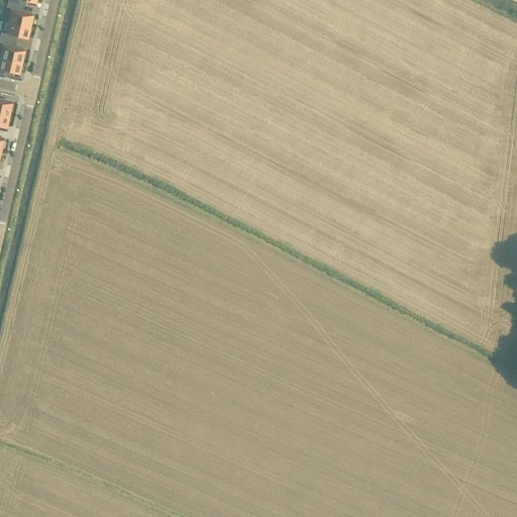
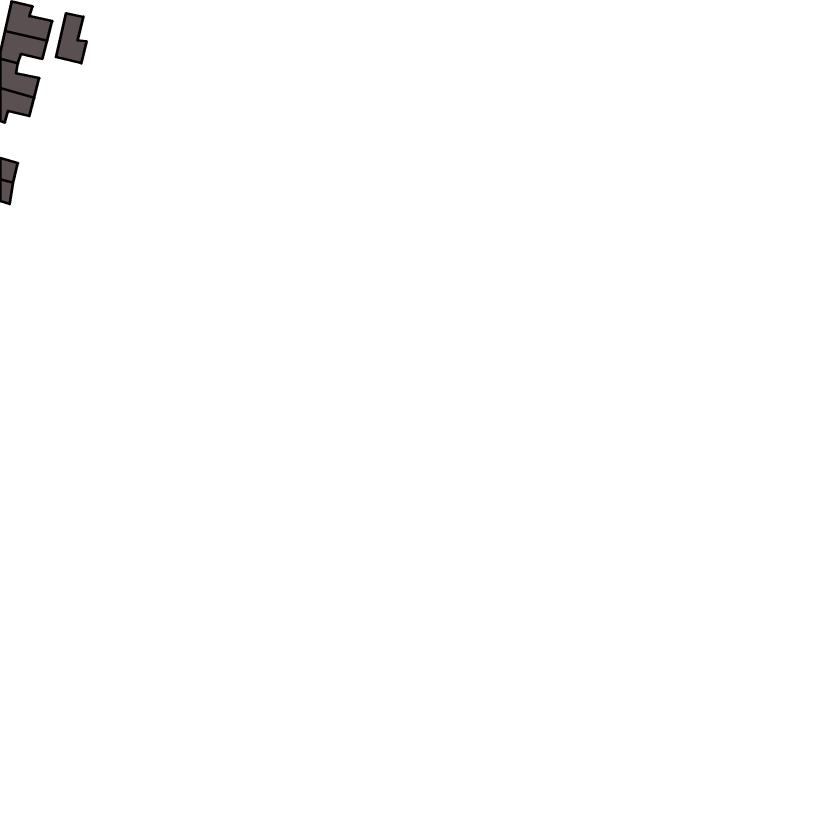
building: none -> [56,13,86,63]

